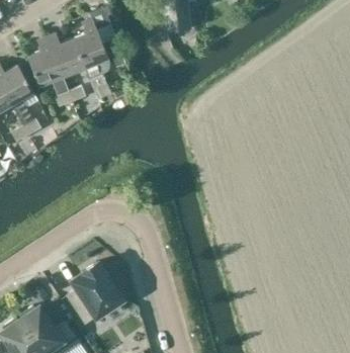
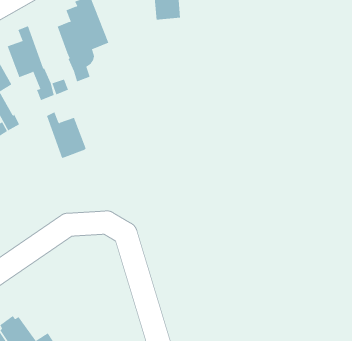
building: [48,32,85,76] -> [46,112,87,158]
building: [67,262,121,323] -> none

